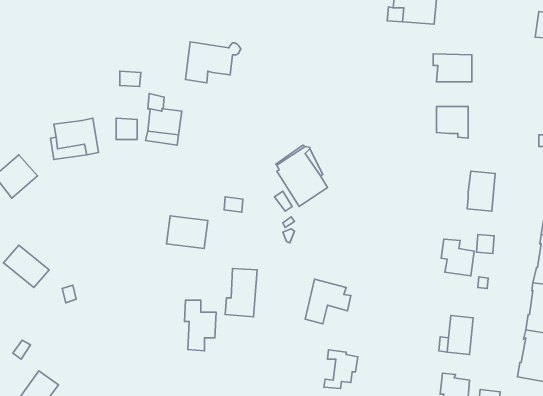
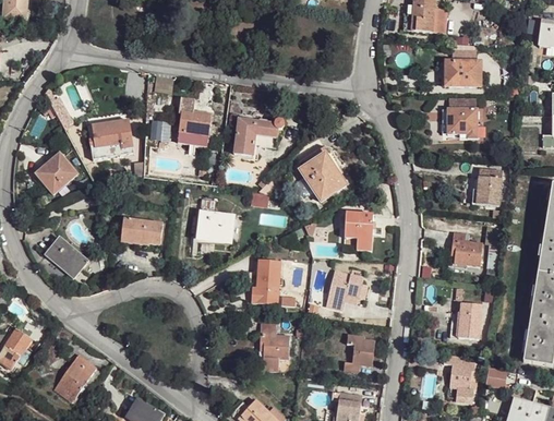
building: [186,42,241,83] -> [233,117,285,155]
building: none -> [344,211,372,250]
building: none -> [120,217,161,243]
building: [184,300,216,351] -> [260,323,289,370]

